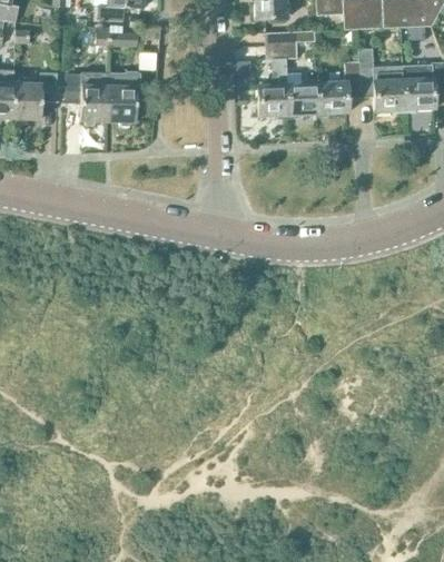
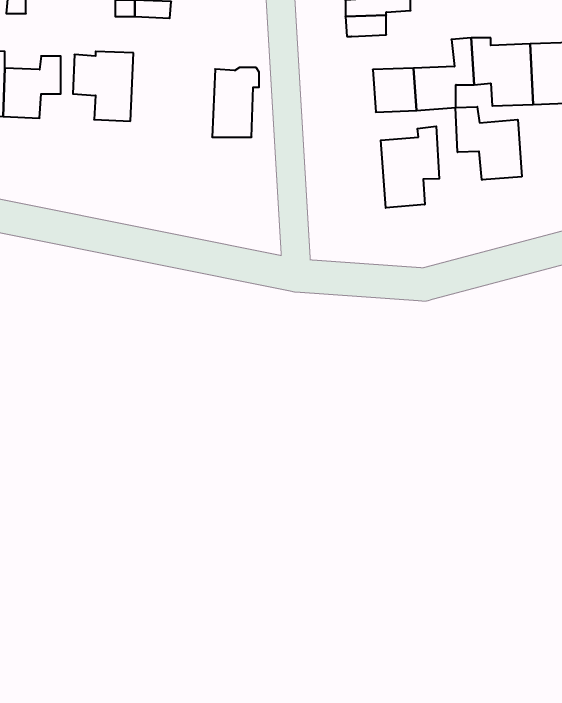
building: [108,70,142,121] -> [212,68,259,137]
building: [256,83,288,116] -> none
building: none -> [456,107,522,180]
building: none -> [381,126,439,208]

